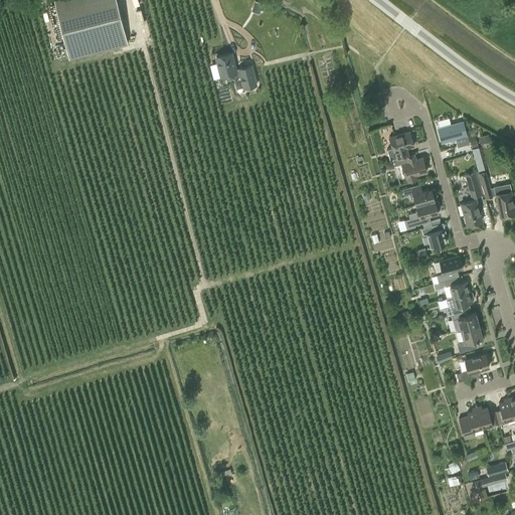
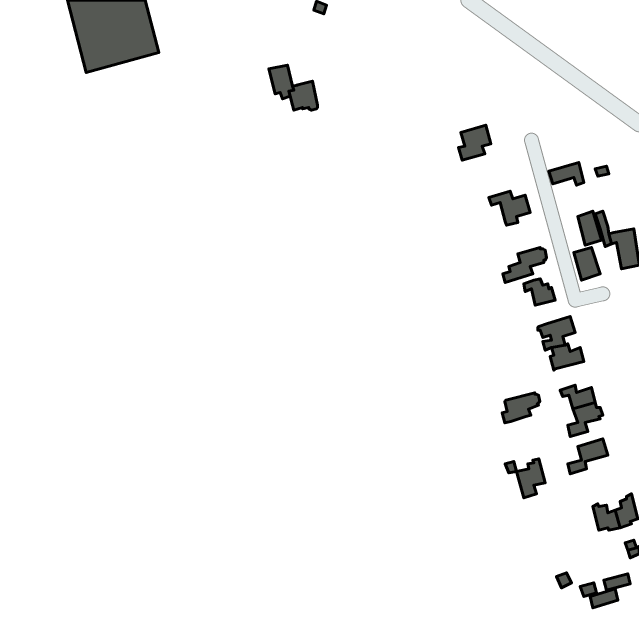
building: [387,131,413,159] -> [458,125,491,160]
building: [400,184,437,204] -> none
building: [444,291,474,315] -> [502,393,540,423]
building: [459,407,482,439] -> [516,459,545,498]

